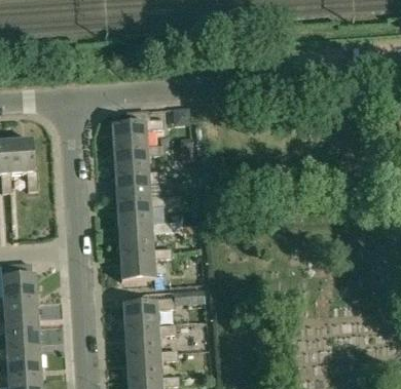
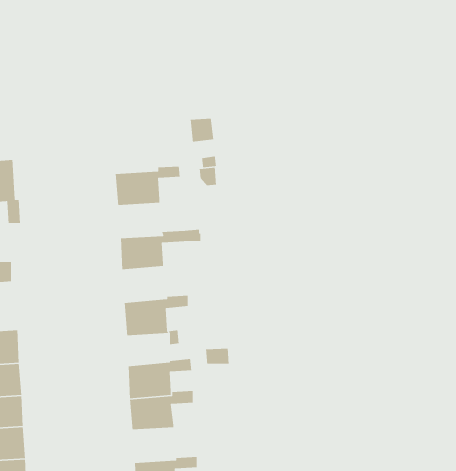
building: [111,115,162,148] -> none
building: [114,167,167,199] -> none
building: [117,218,183,250] -> none
building: [125,347,177,378] -> none

